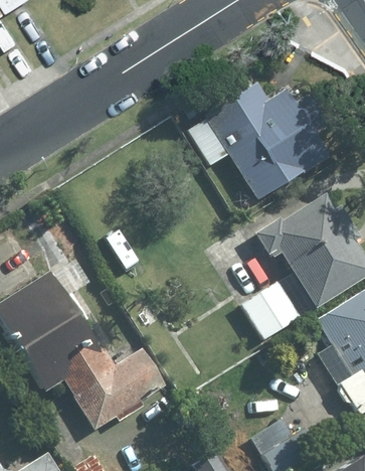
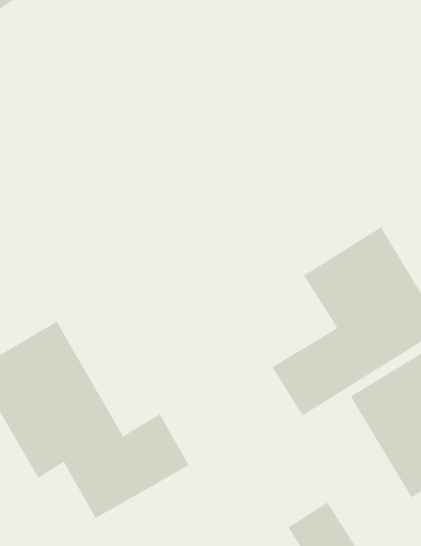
building: [211,72,350,202] -> none

